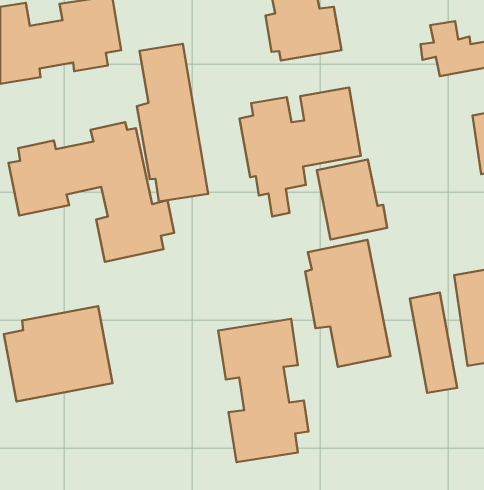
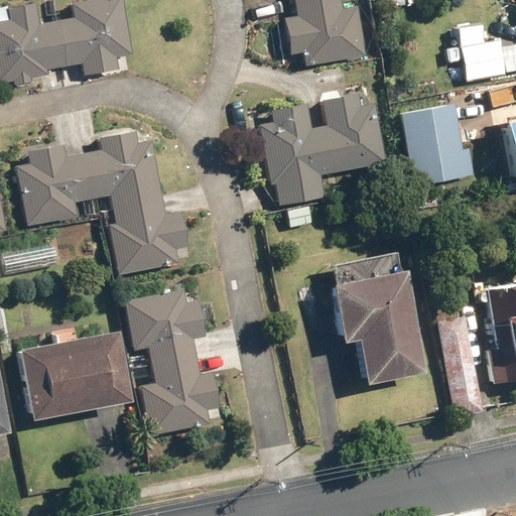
building: [137,44,208,201] -> none
building: [317,160,387,239] -> [401,103,475,186]
building: [218,319,309,462] -> [127,287,222,437]

